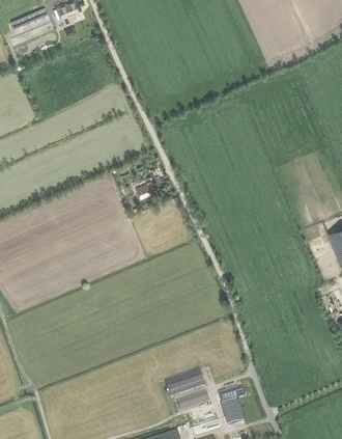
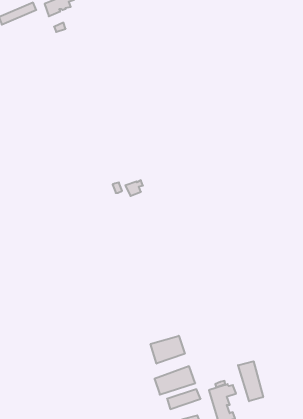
building: none -> [151,336,185,364]
building: none -> [238,361,263,401]

